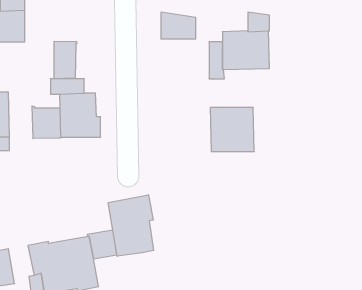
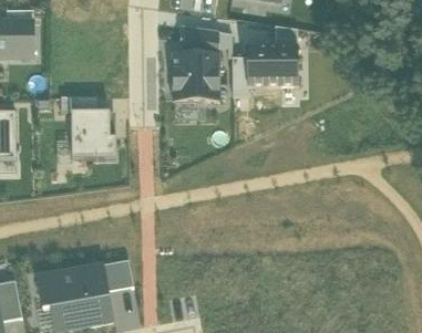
building: [54,41,77,79] -> none
building: [32,106,60,139] -> none
building: [210,108,254,152] -> [172,53,219,101]
building: [108,195,154,256] -> none

